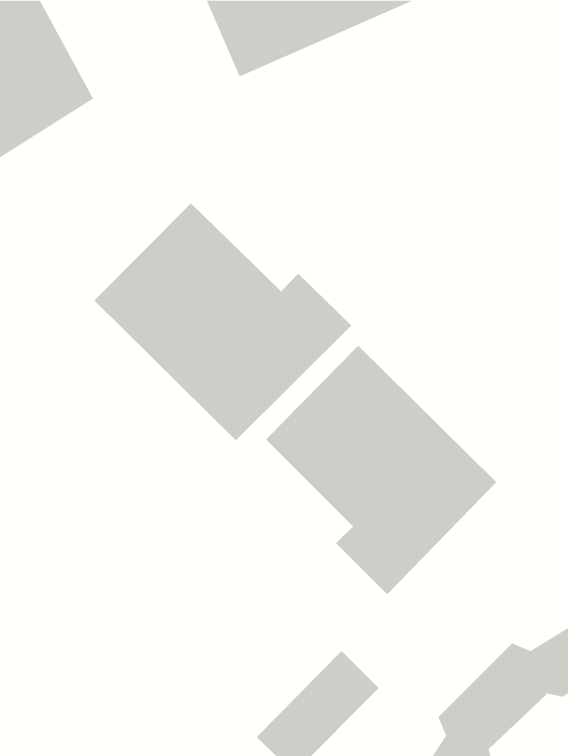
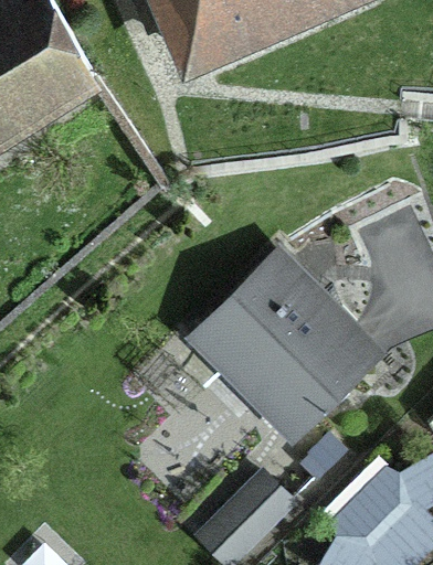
building: [93,202,352,441] -> none

